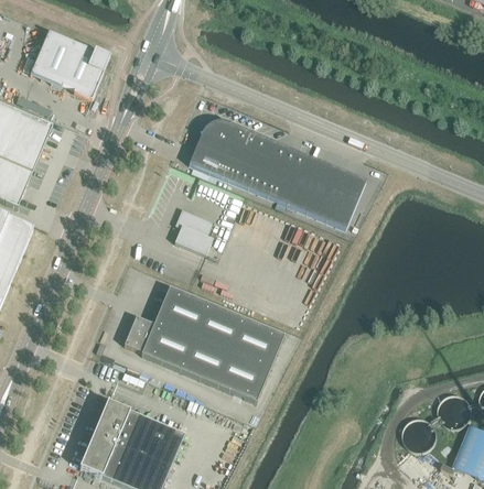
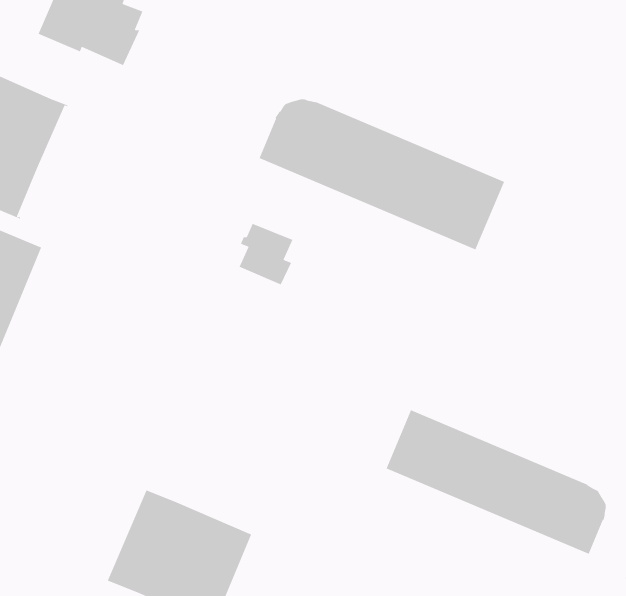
building: [123,286,284,402] -> none
building: none -> [385,409,606,555]

